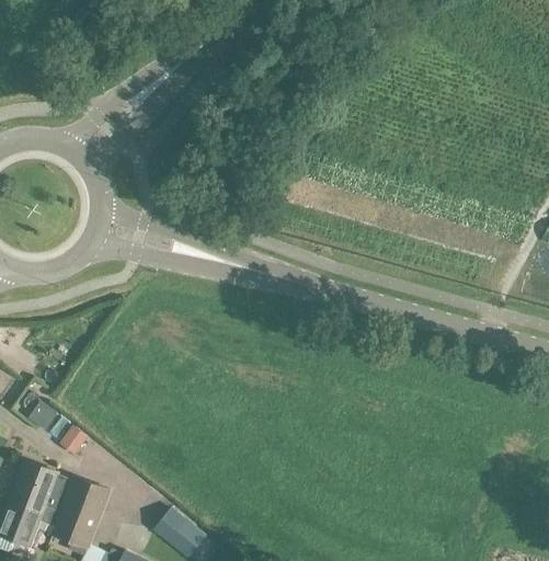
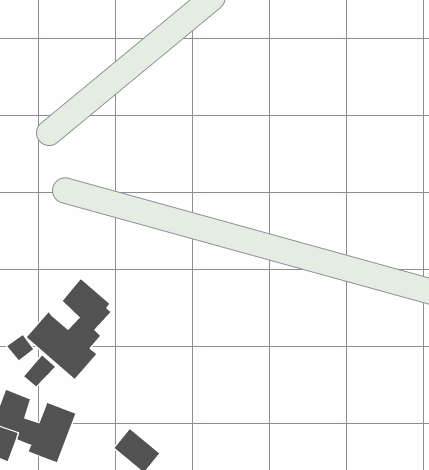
building: none -> [26,278,112,380]

